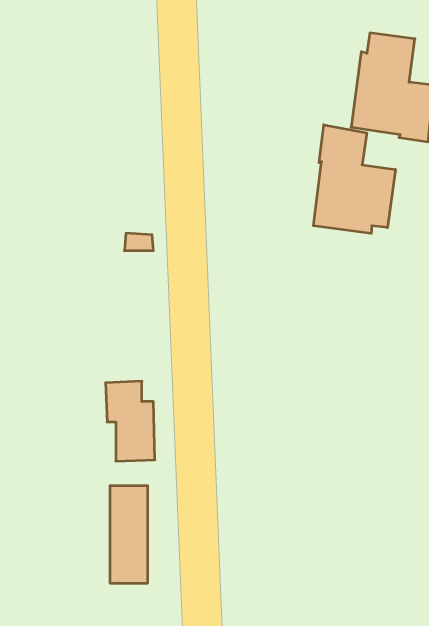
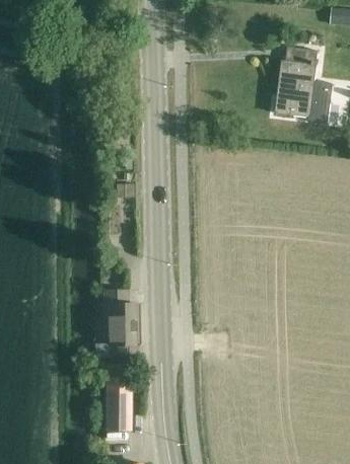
building: [313,125,395,233] -> none

